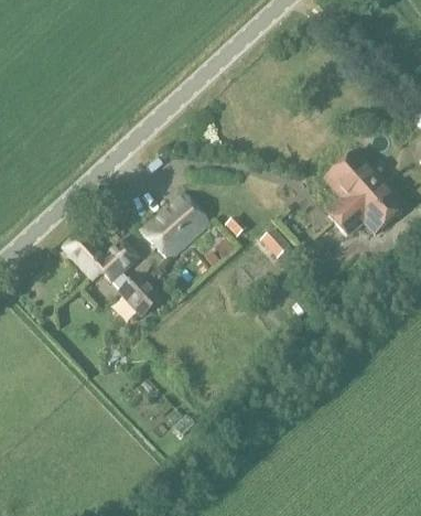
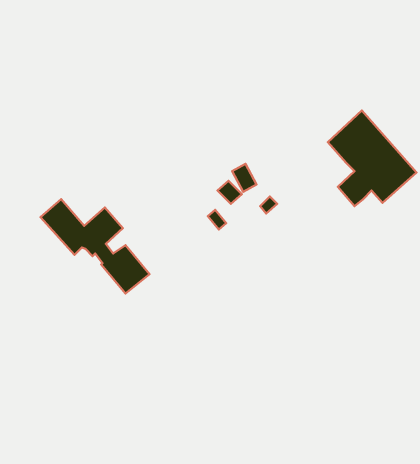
building: [141,192,208,259] -> none

